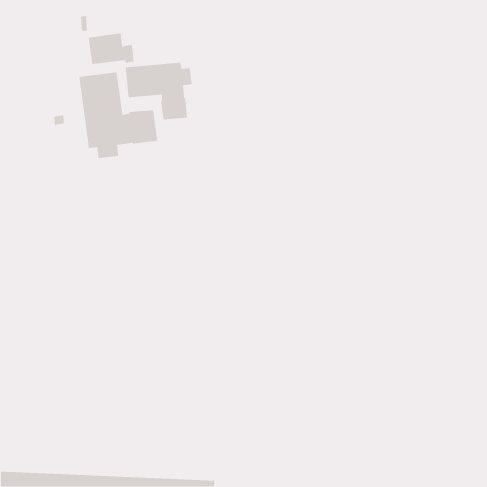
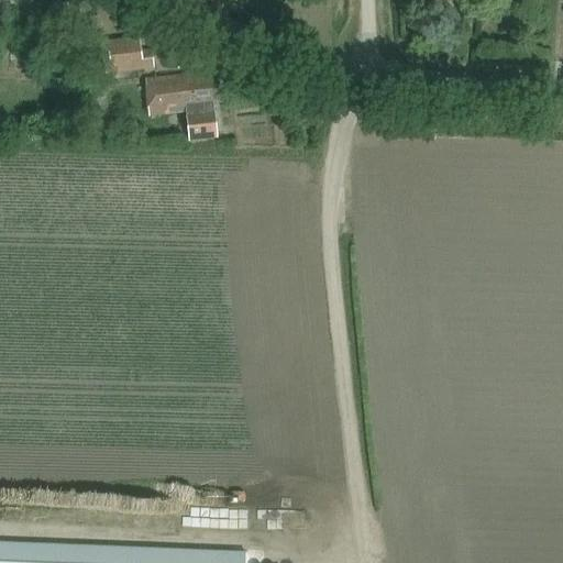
building: [78,71,158,159] -> none

